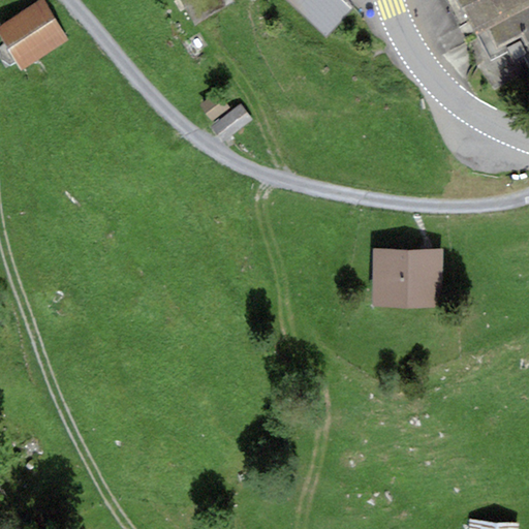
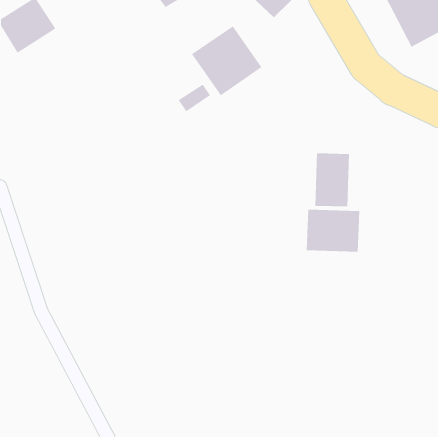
building: none -> [191,25,262,96]
building: none -> [315,153,350,207]

